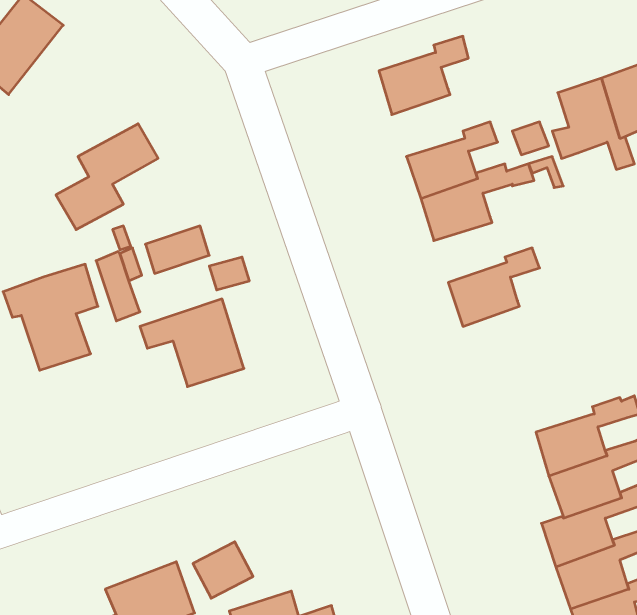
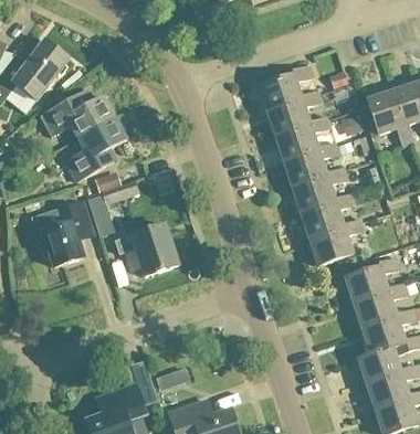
building: none -> [267,89,323,136]
building: none -> [40,95,114,136]
building: none -> [293,167,348,212]
building: none -> [311,216,372,264]
building: none -> [346,256,401,303]

